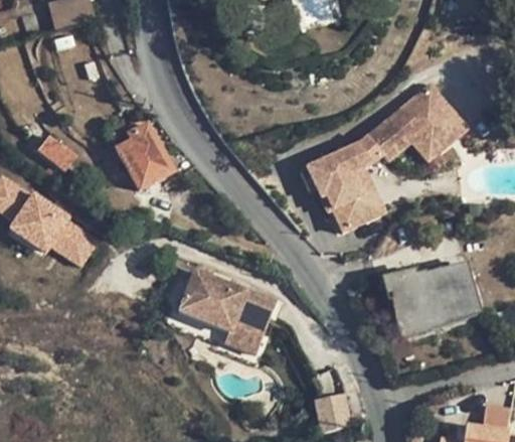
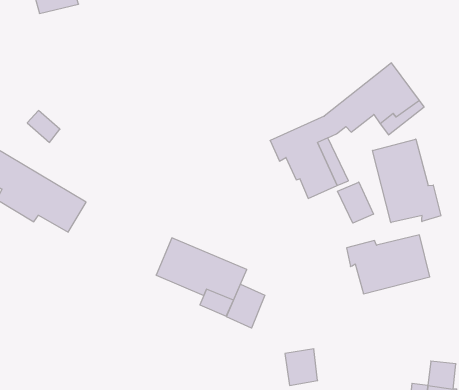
building: [117,126,172,190] -> none
building: none -> [373,139,441,223]
building: none -> [338,182,373,223]
building: none -> [227,284,265,328]

